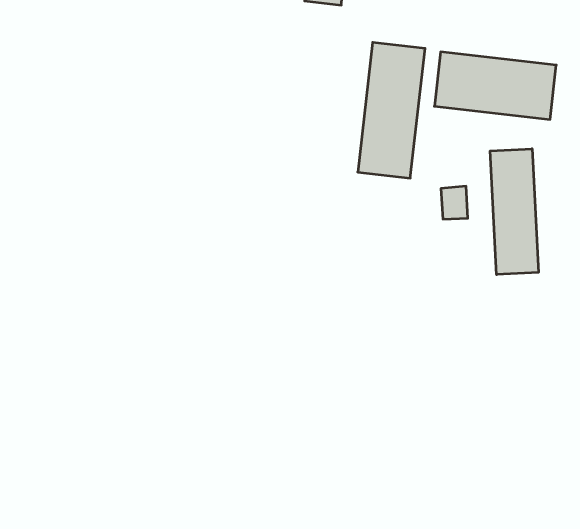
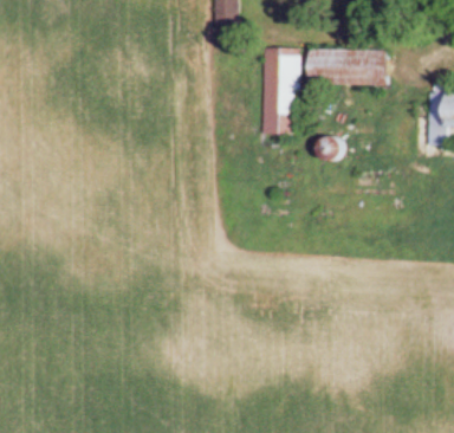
building: [490,149,538,275] -> none

